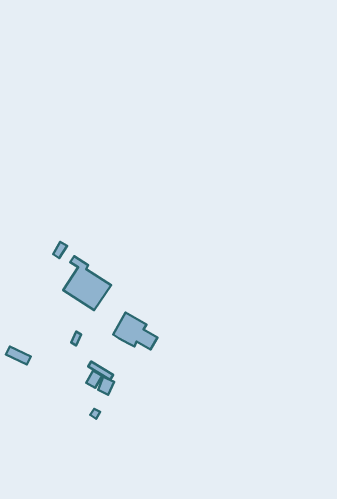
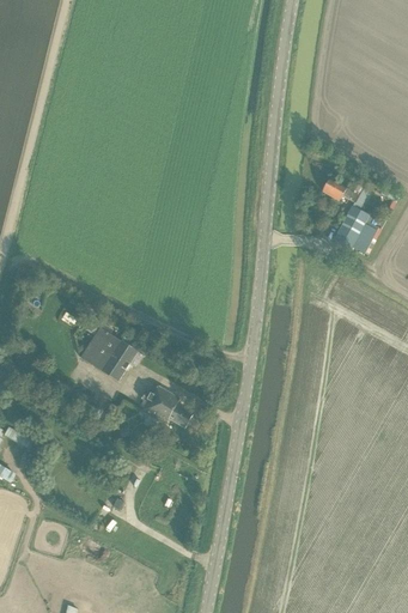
building: none -> [322,177,377,253]

